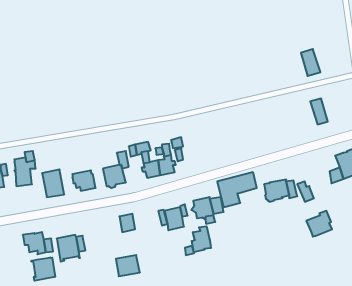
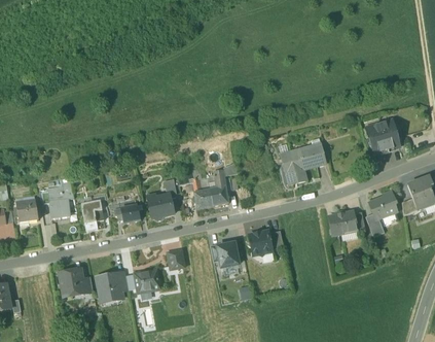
building: [301,49,320,76] -> [366,123,388,152]
building: [217,172,257,207] -> [281,145,325,184]
building: [306,211,332,237] -> [368,190,397,218]
building: [192,226,211,252] -> none
building: [116,255,140,276] -> [134,268,160,292]
building: [31,257,55,281] -> none

